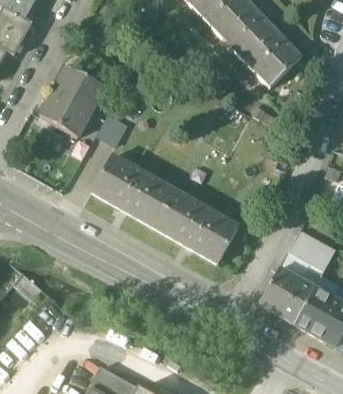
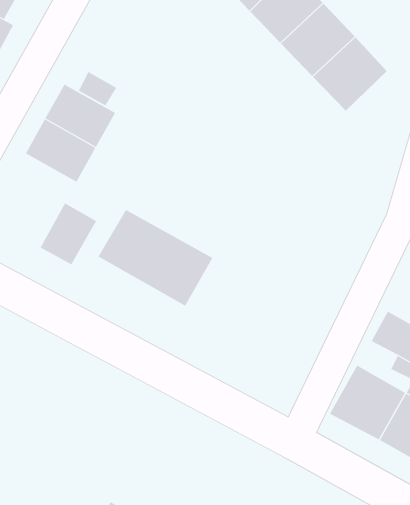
building: [97,115,127,145] -> none
building: none -> [40,203,97,265]
building: [155,192,237,263] -> none

